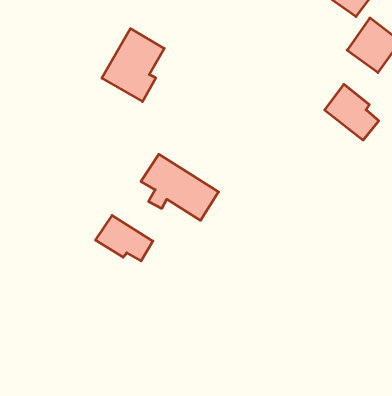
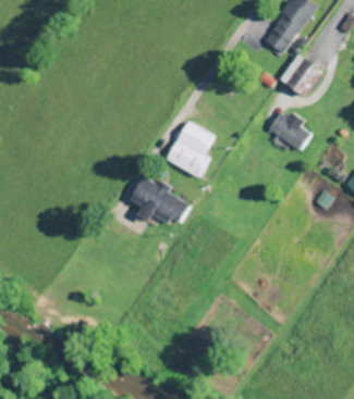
building: [102,29,164,102] -> [166,121,212,177]
building: [96,215,153,261] -> none

